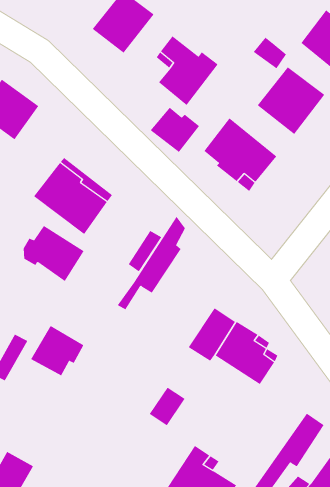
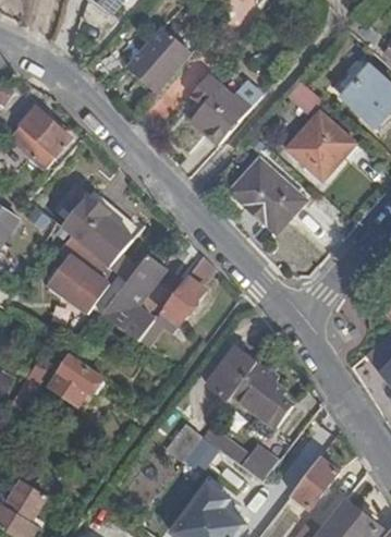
building: [150,107,200,153] -> none
building: none -> [101,253,166,340]
building: none -> [200,425,277,481]

